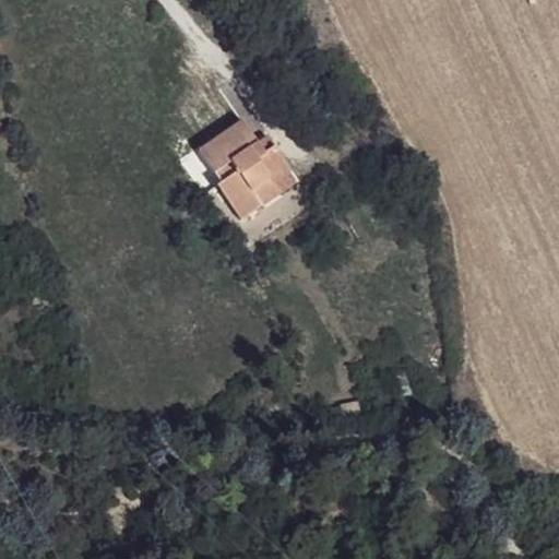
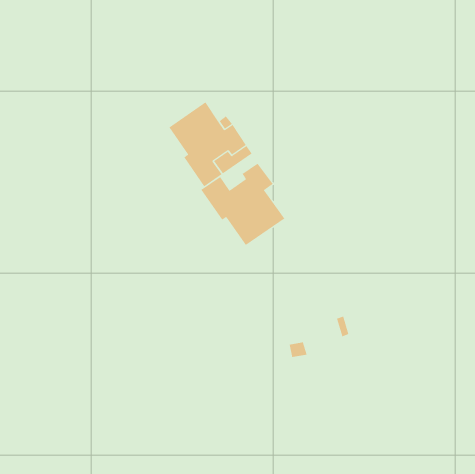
building: none -> [200,163,285,246]

